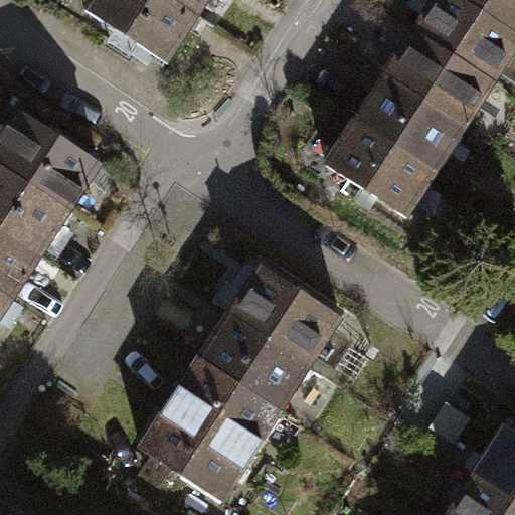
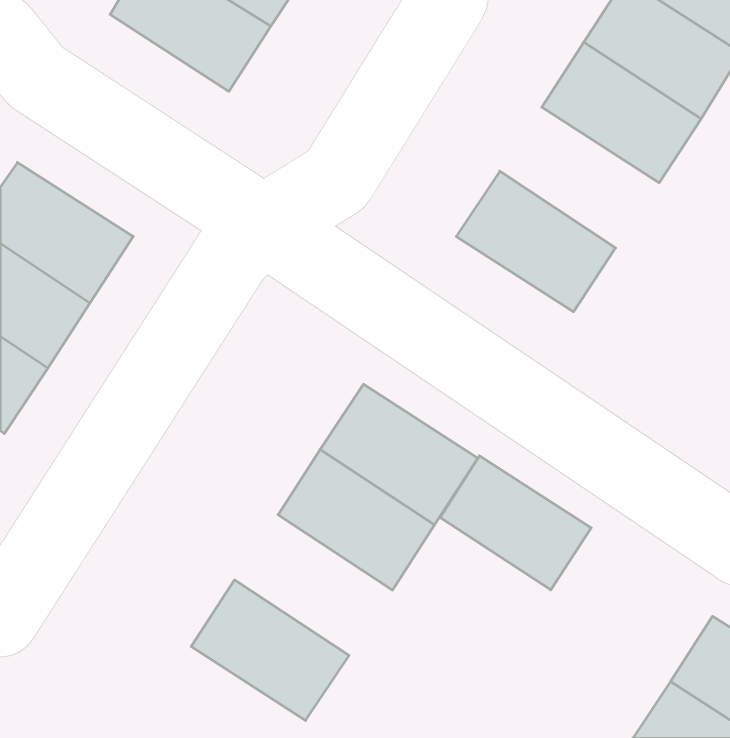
building: [354,74,465,172] -> none
building: none -> [440,456,591,590]
building: [170,357,280,455] -> none

